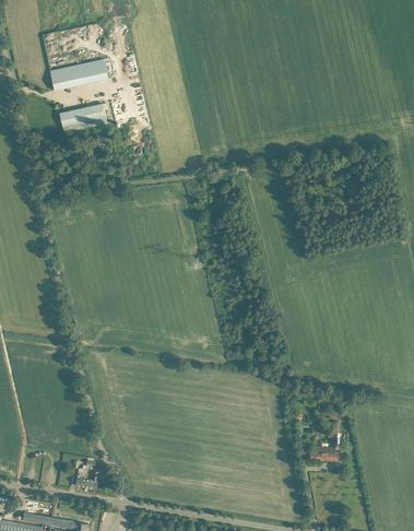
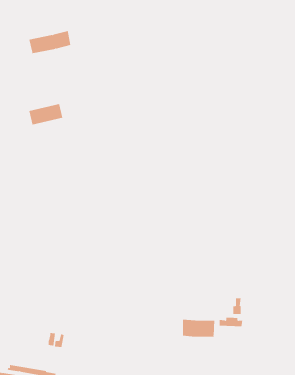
building: [58,104,105,133] -> [29,103,63,125]
building: none -> [182,319,215,338]

